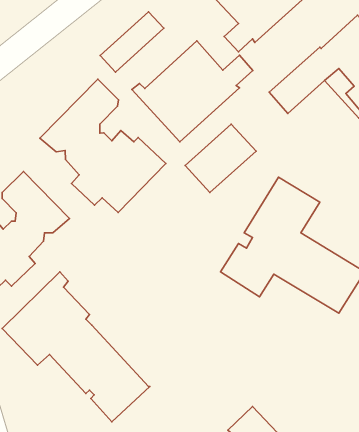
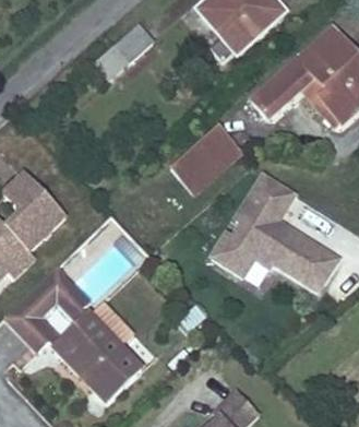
building: [132,41,253,142] -> none
building: [40,79,166,212] -> none

